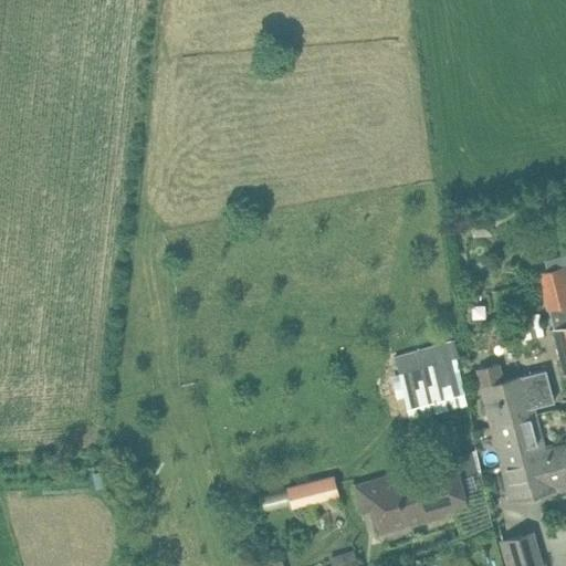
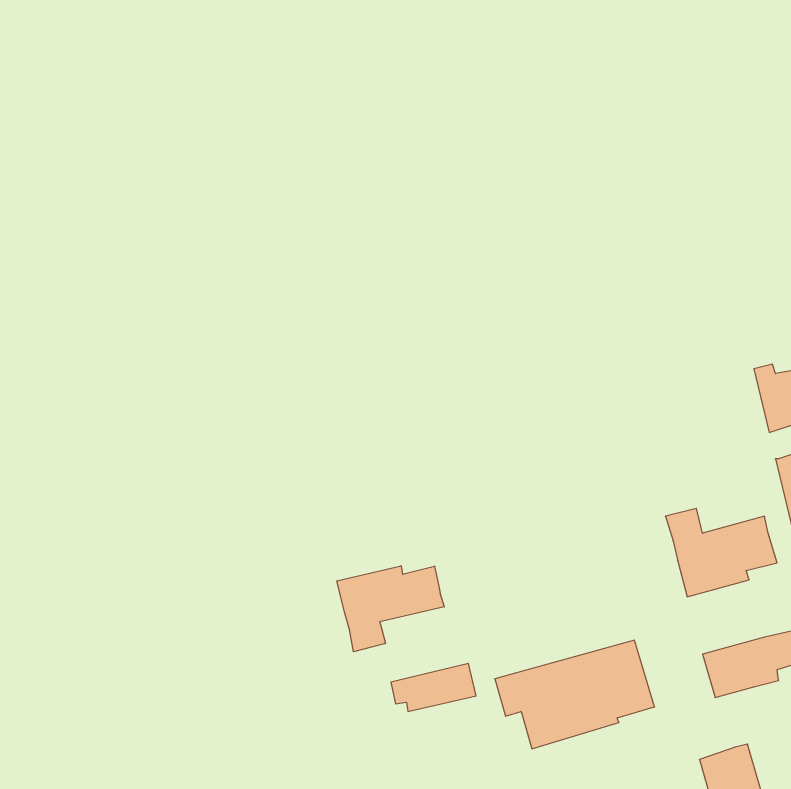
building: [395,343,468,418] -> none
building: none -> [337,566,444,652]
building: [491,416,546,469] -> none

